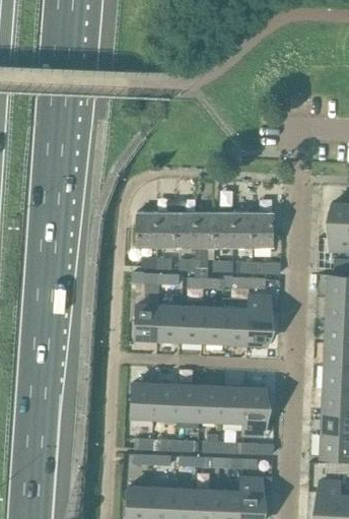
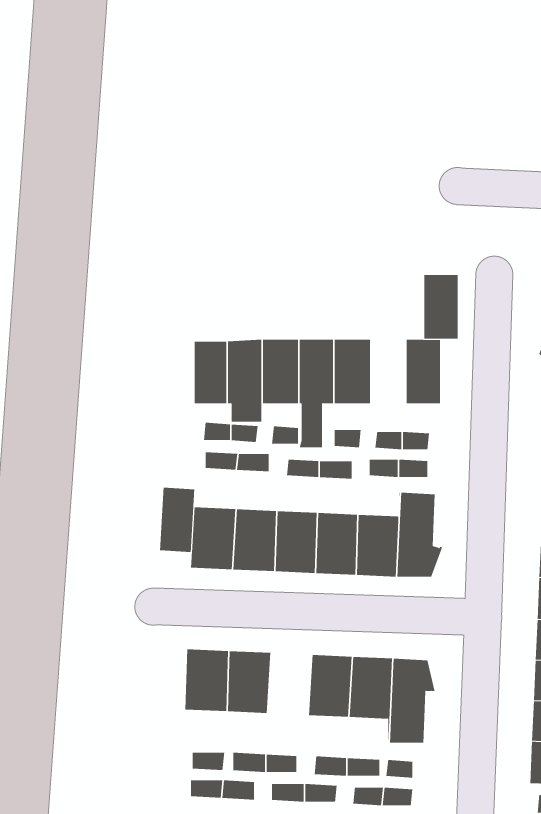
building: [233,212,253,248] -> [424,275,459,339]
building: none -> [159,487,195,553]
building: [177,385,201,419] -> none

